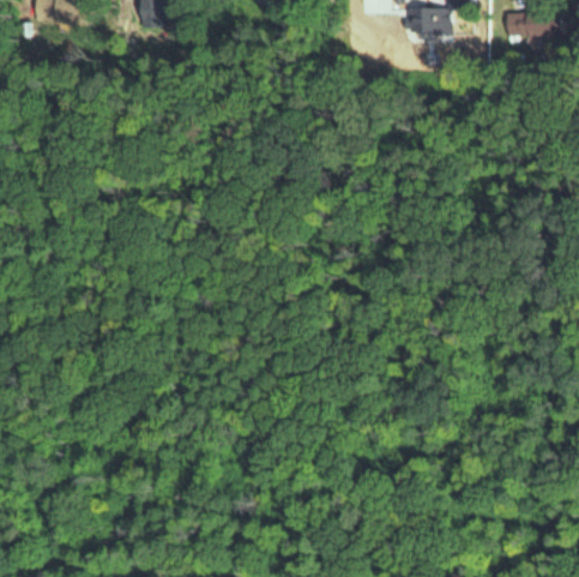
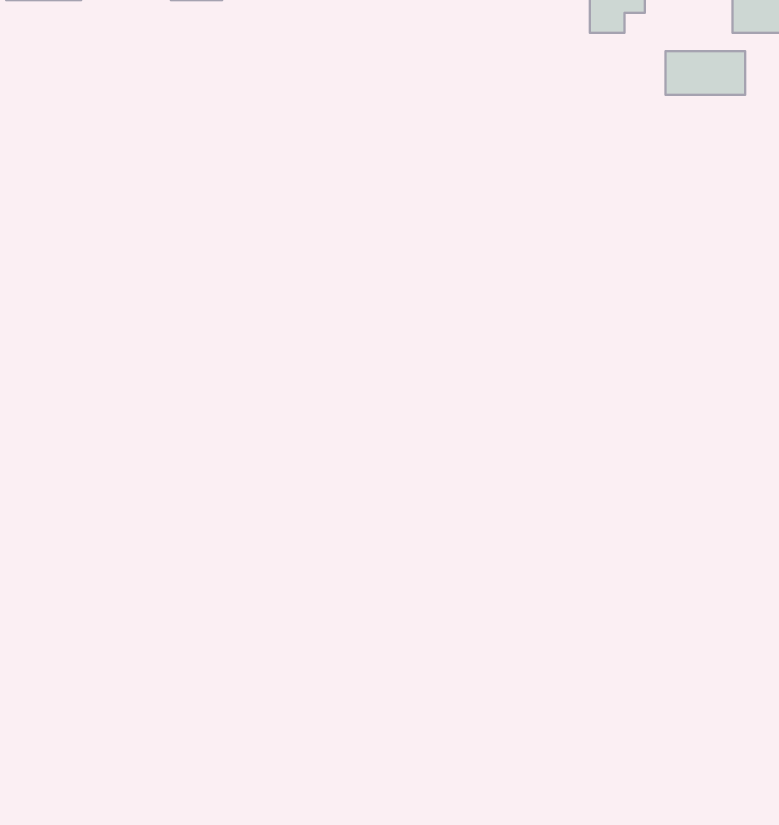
building: none -> [666,51,745,95]

